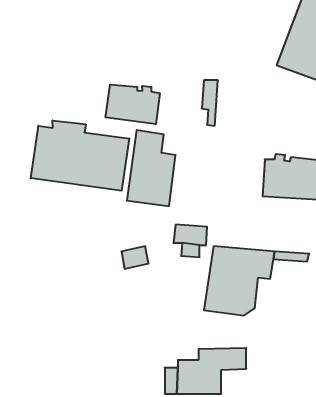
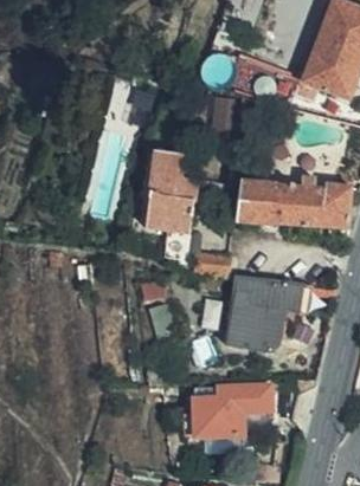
building: [106,84,160,124] -> none
building: [31,120,129,191] -> none
building: none -> [231,180,291,222]

